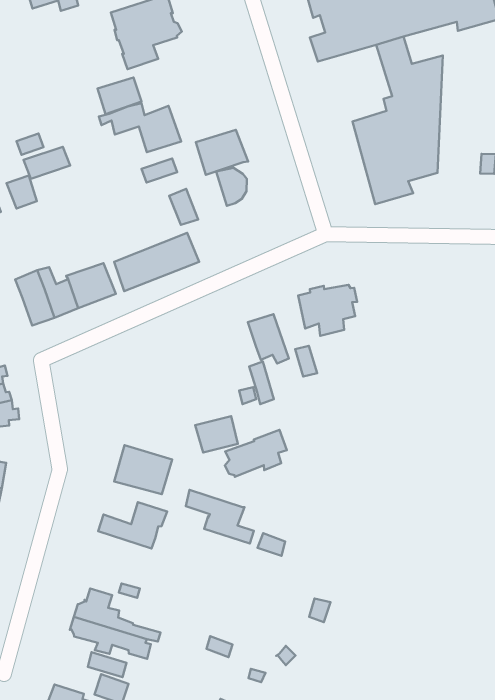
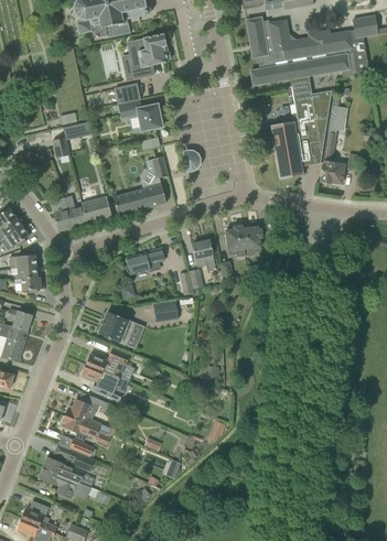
building: none -> [321,105,347,183]
building: [196,130,248,175] -> none
building: [225,430,287,477] -> [125,247,164,273]
building: [186,490,254,544] -> [82,363,122,400]

